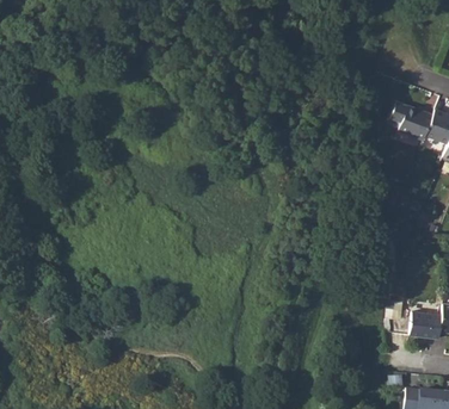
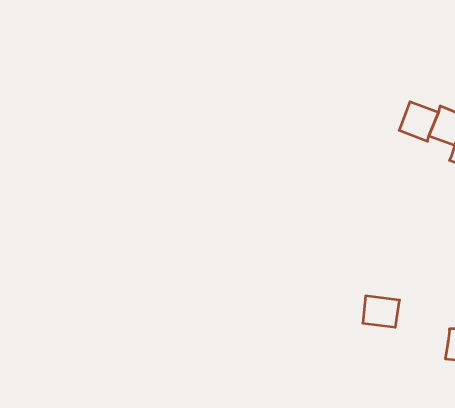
building: [406,310,438,337] -> [363,296,400,327]

